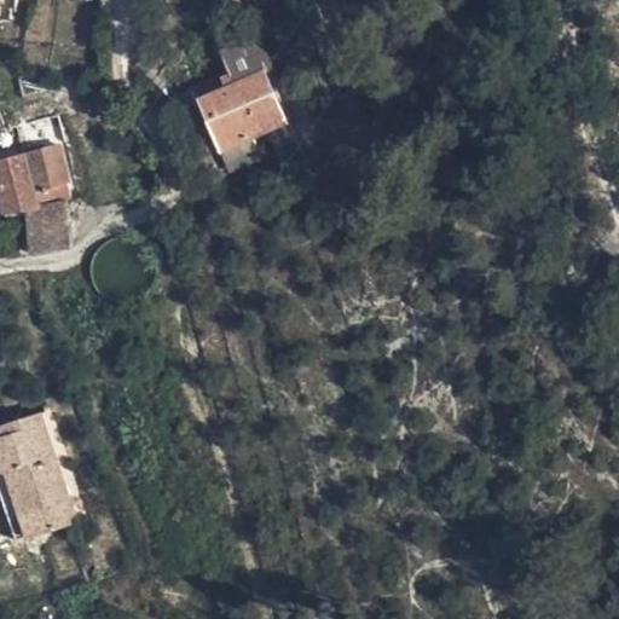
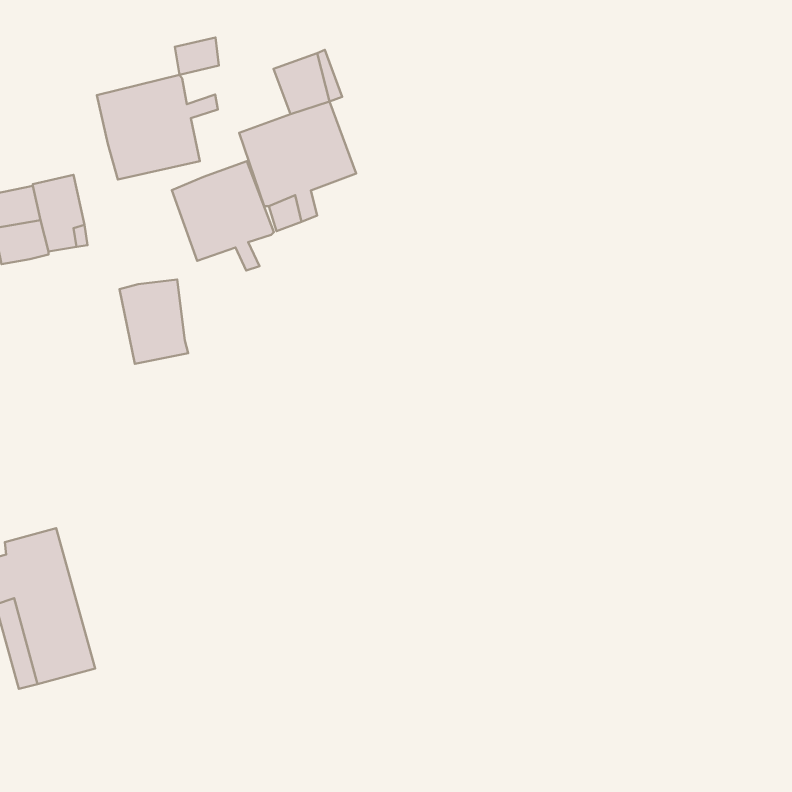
building: none -> [97,75,218,180]
building: none -> [172,161,274,270]
building: [23,193,76,259] -> [119,280,188,364]

